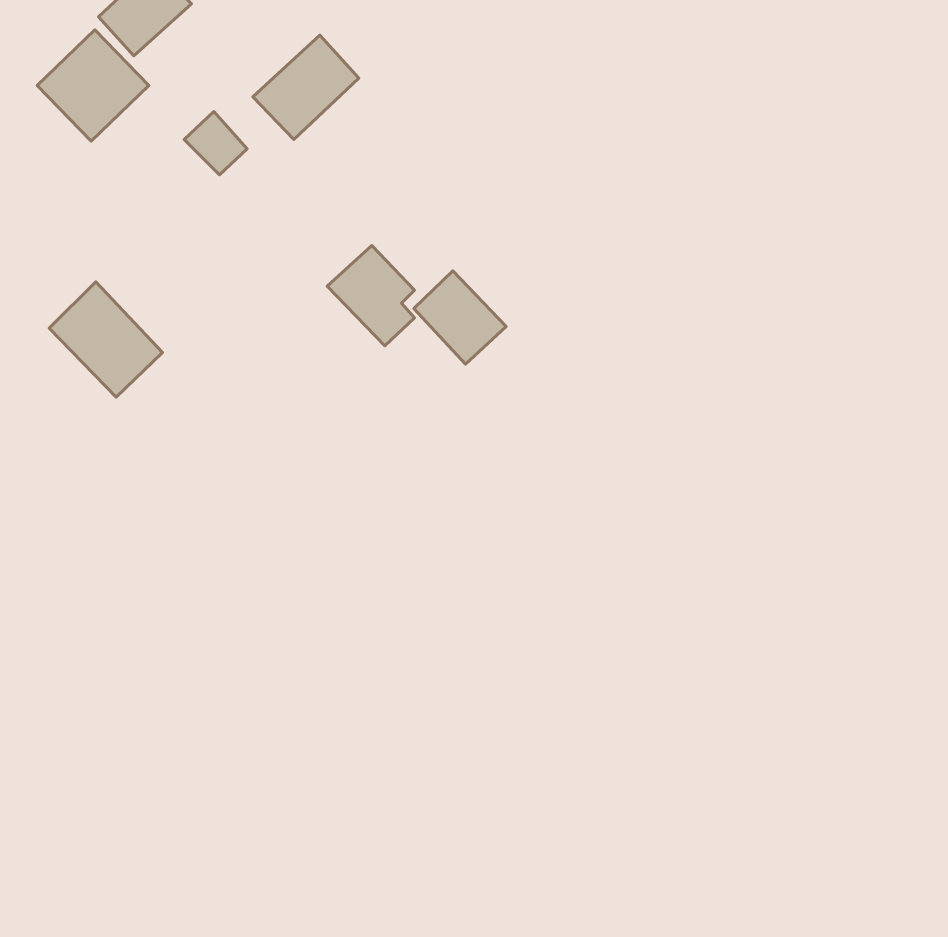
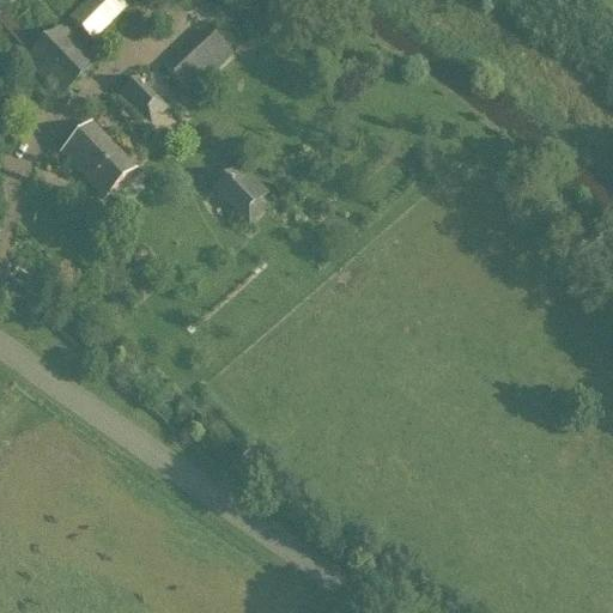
building: [414,271,506,364] -> none
building: [49,282,163,397] -> [61,119,134,193]

